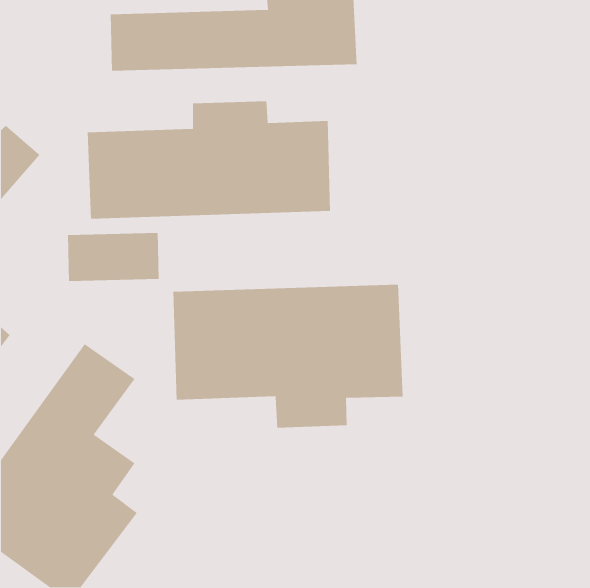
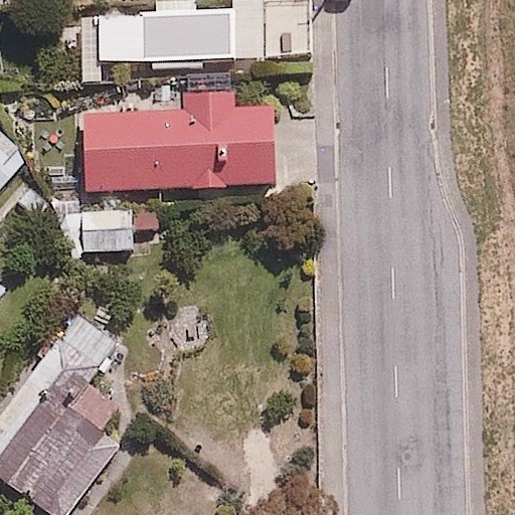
building: [173,284,403,429] -> none

